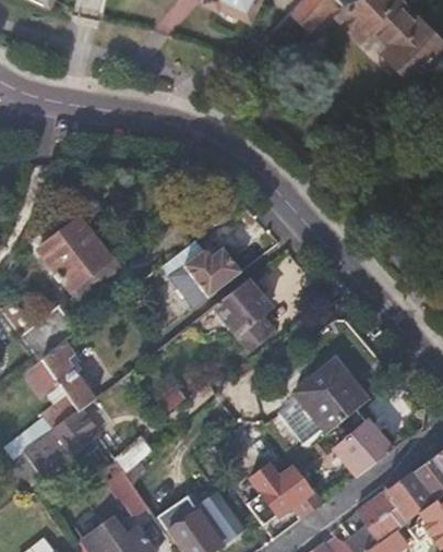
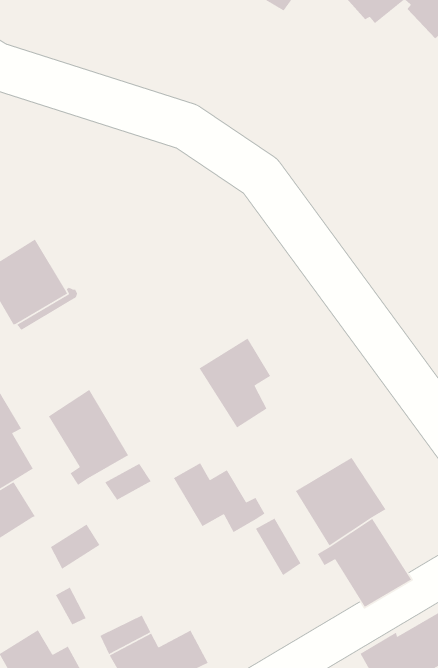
building: [163,239,240,297] -> none
building: none -> [48,389,129,486]
building: [251,466,324,517] -> [173,462,266,533]

